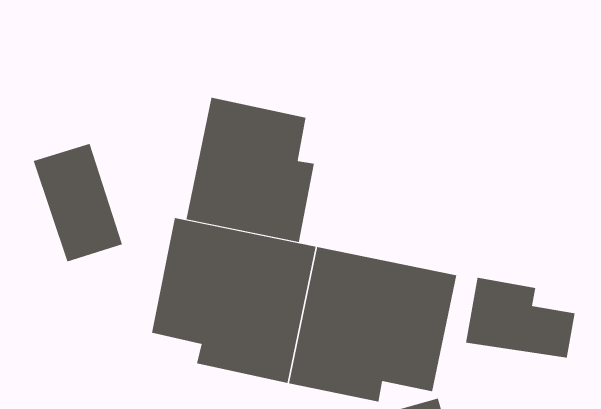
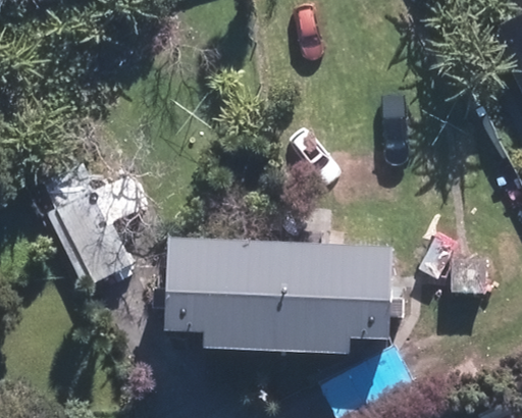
building: [186,97,314,243] -> none

